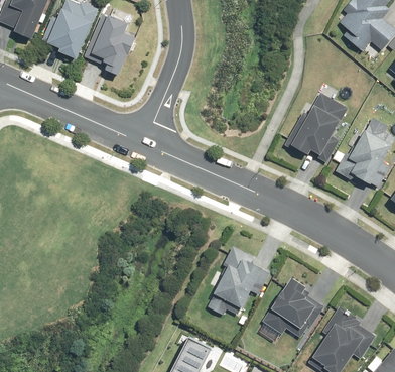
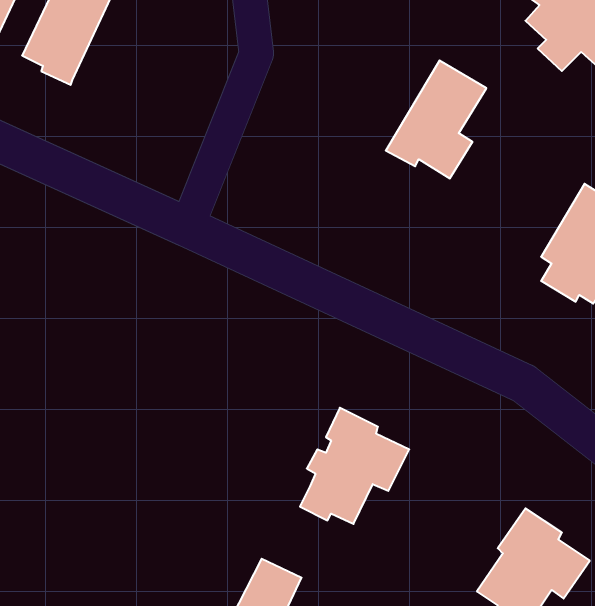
building: [90,15,133,74] -> none
building: [289,93,348,161] -> [386,60,486,178]
building: [259,277,324,343] -> none

